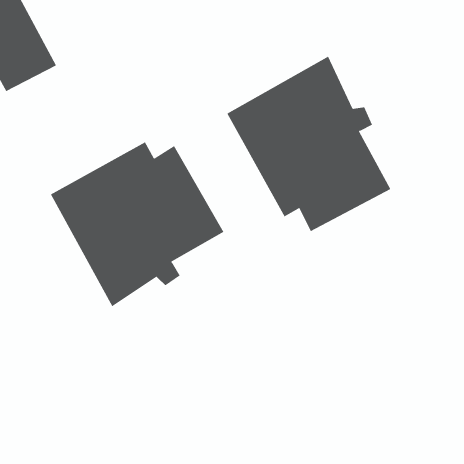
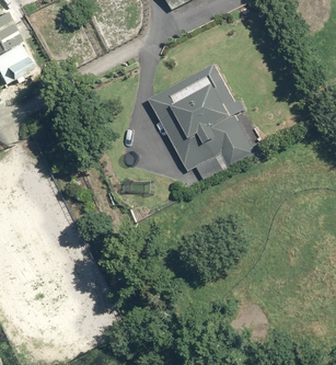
building: [50,142,224,307] -> none

